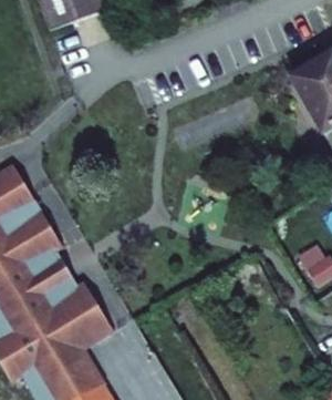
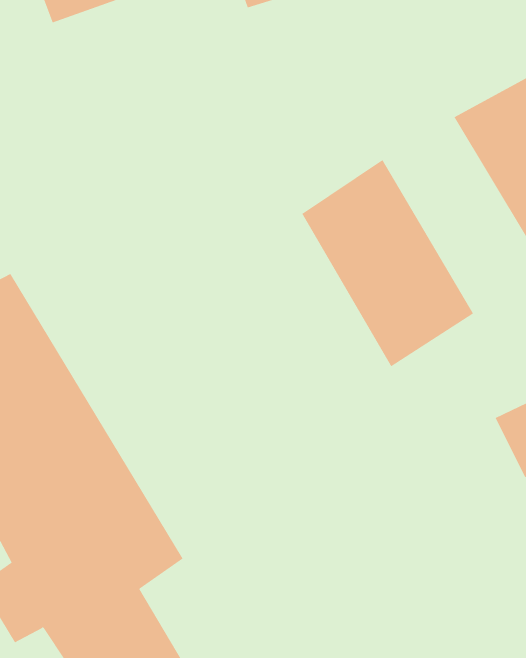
building: none -> [302,159,474,367]

